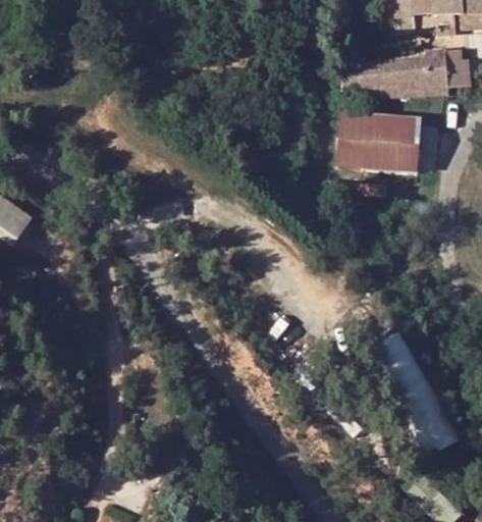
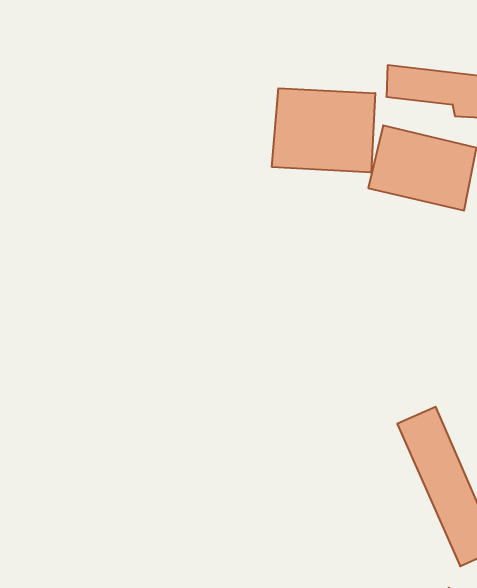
building: none -> [272,88,375,173]

